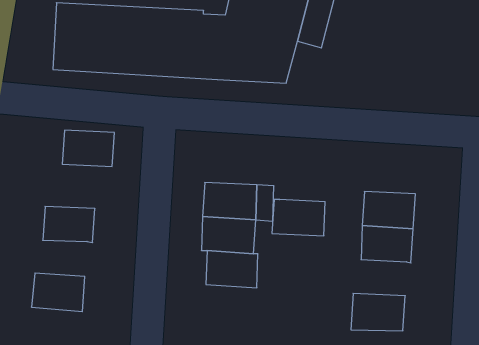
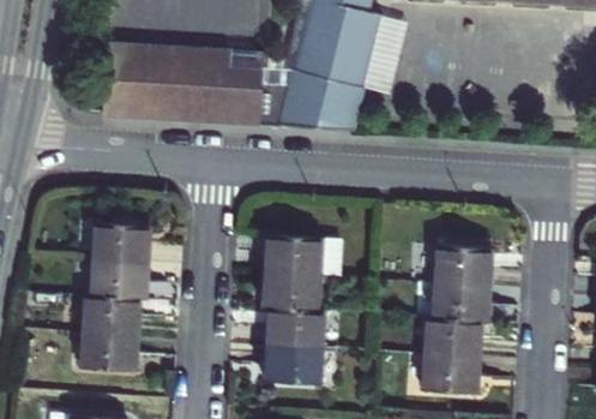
building: [62,130,114,166] -> [96,223,151,262]
building: [272,200,325,236] -> [422,316,478,354]
building: none -> [85,294,140,334]
building: none -> [265,342,320,384]

